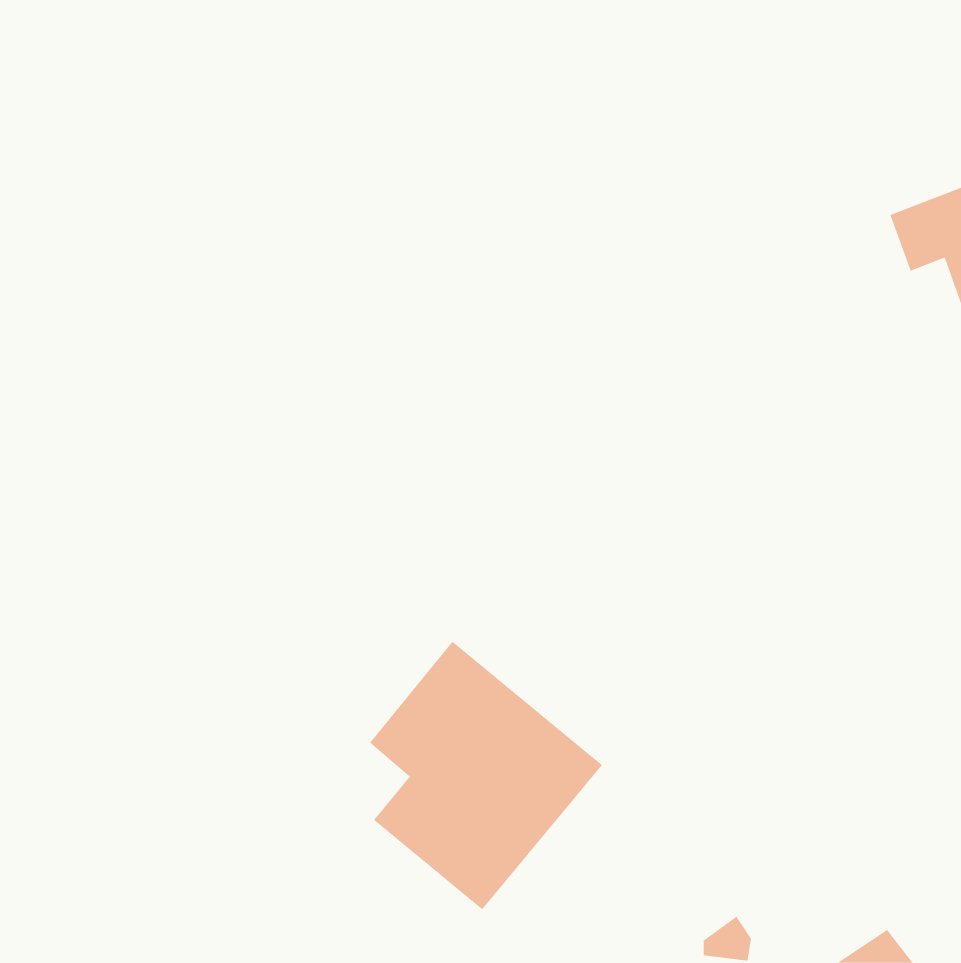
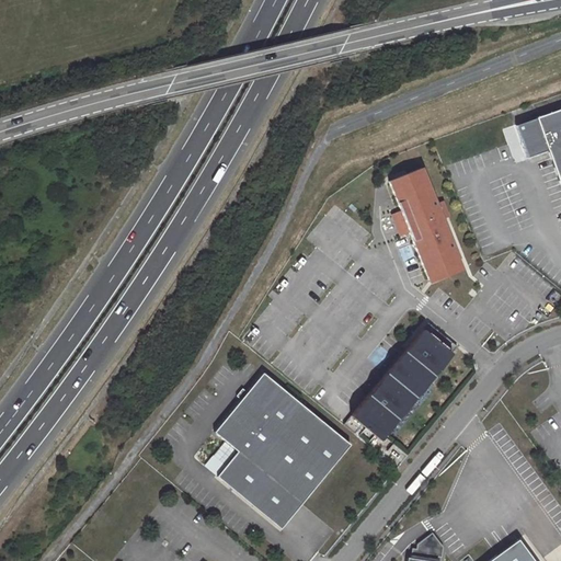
building: none -> [393,170,468,284]
building: none -> [352,328,454,439]

